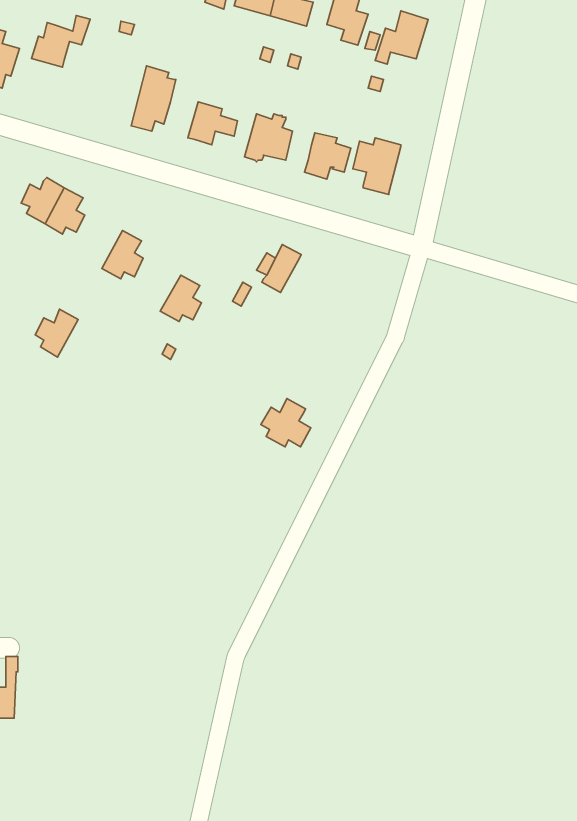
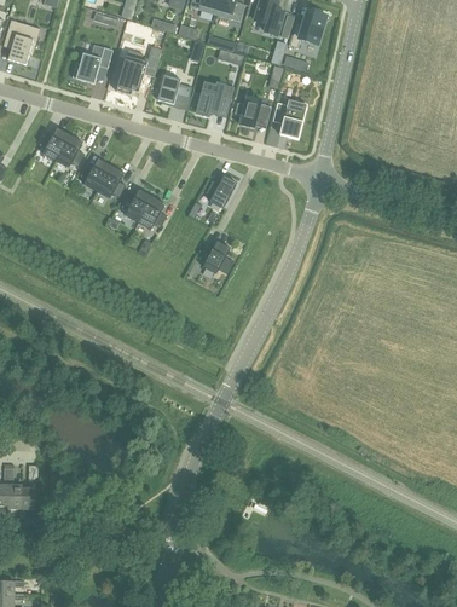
building: [32,16,90,67] -> [71,47,112,83]
building: none -> [120,189,151,221]
building: [35,309,78,357] -> [80,157,110,191]
building: [261,399,311,447] -> [198,239,233,273]

